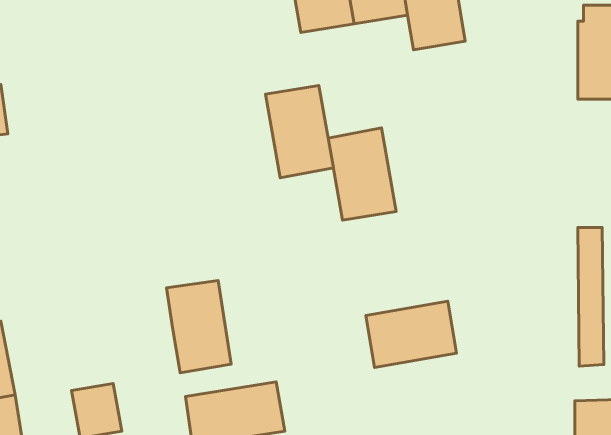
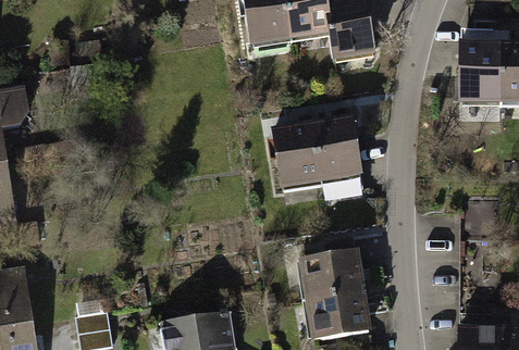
building: [266,85,333,178] -> [309,112,360,182]
building: [167,280,231,373] -> none
building: none -> [304,288,373,339]

